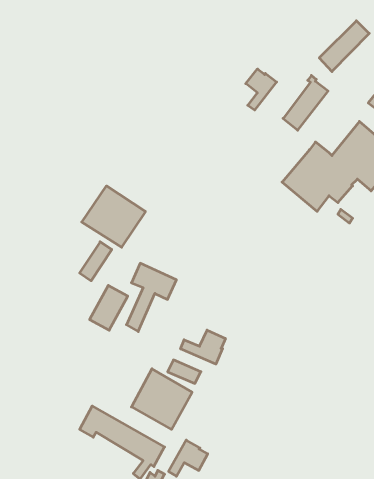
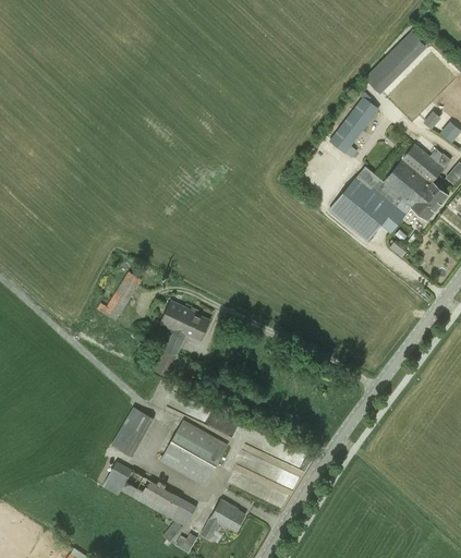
building: [246,69,277,110] -> none
building: [82,186,145,247] -> none
building: [90,285,128,330] -> [112,405,155,456]
building: [181,330,225,364] -> none

